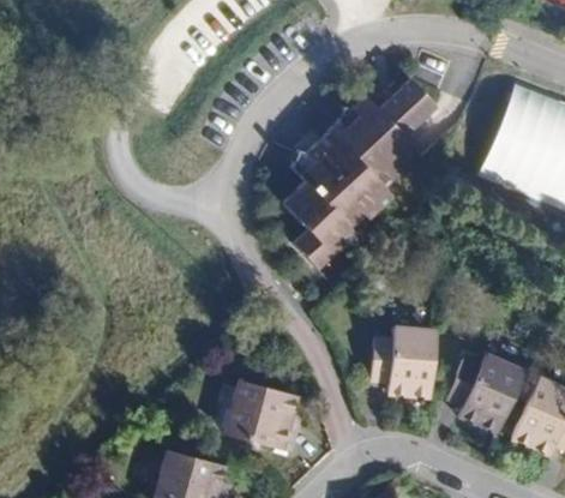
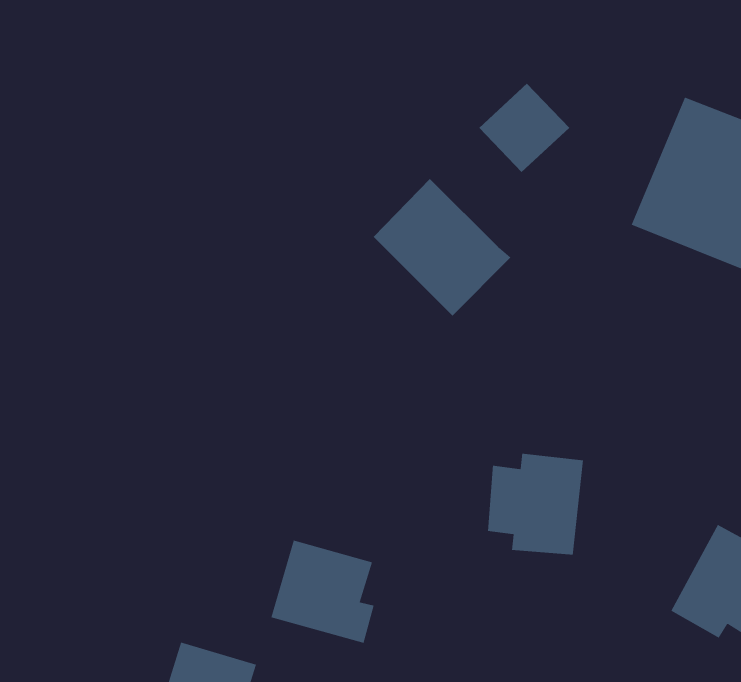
building: [325,91,413,186] -> none
building: [272,179,349,268] -> none
building: [446,350,528,431] -> none

